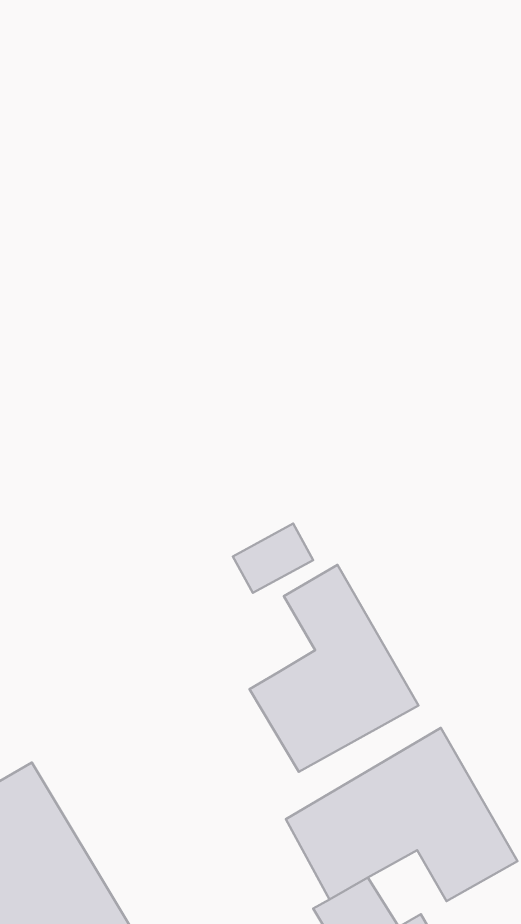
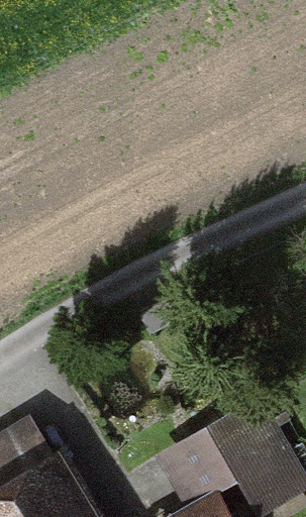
building: [249,565,418,772] -> none

